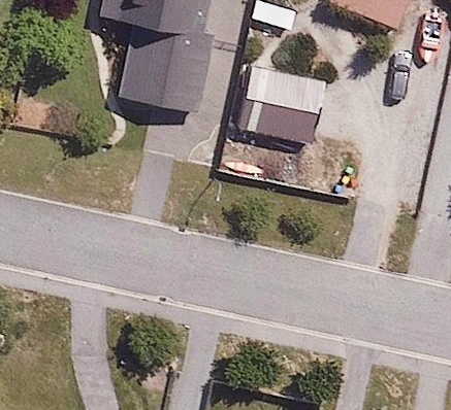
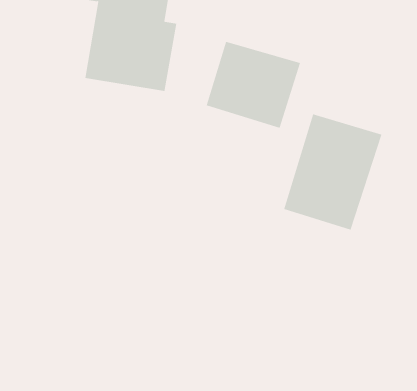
building: none -> [283,113,382,231]

